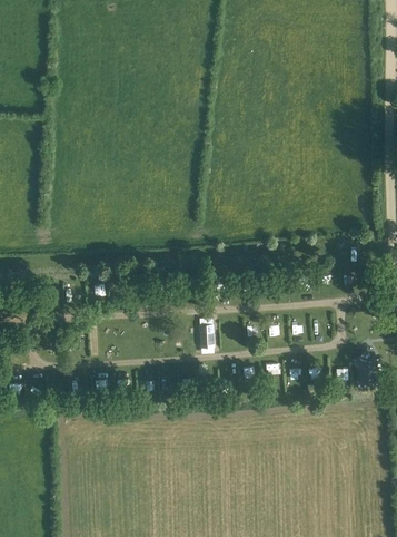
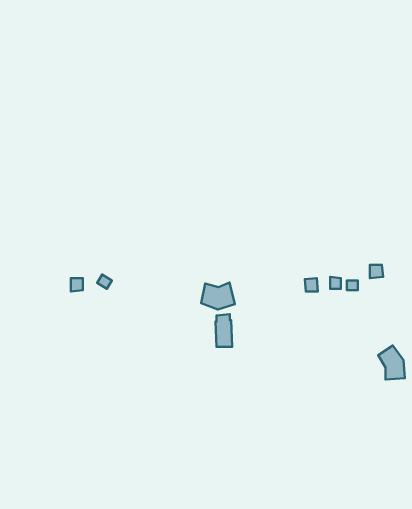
building: none -> [201,283,235,310]

